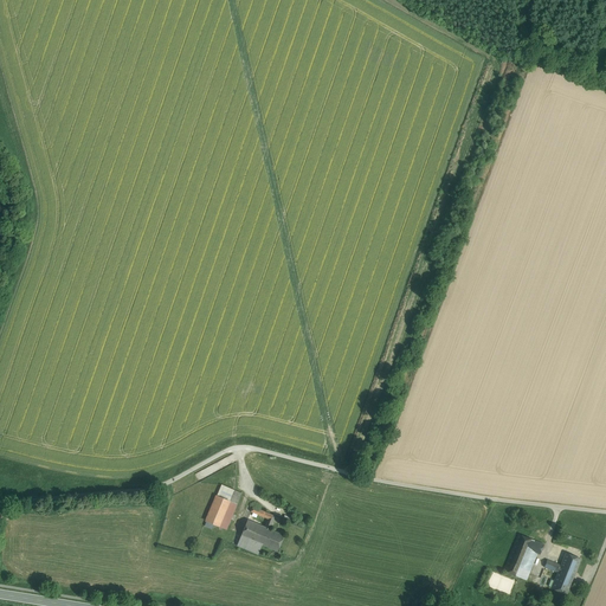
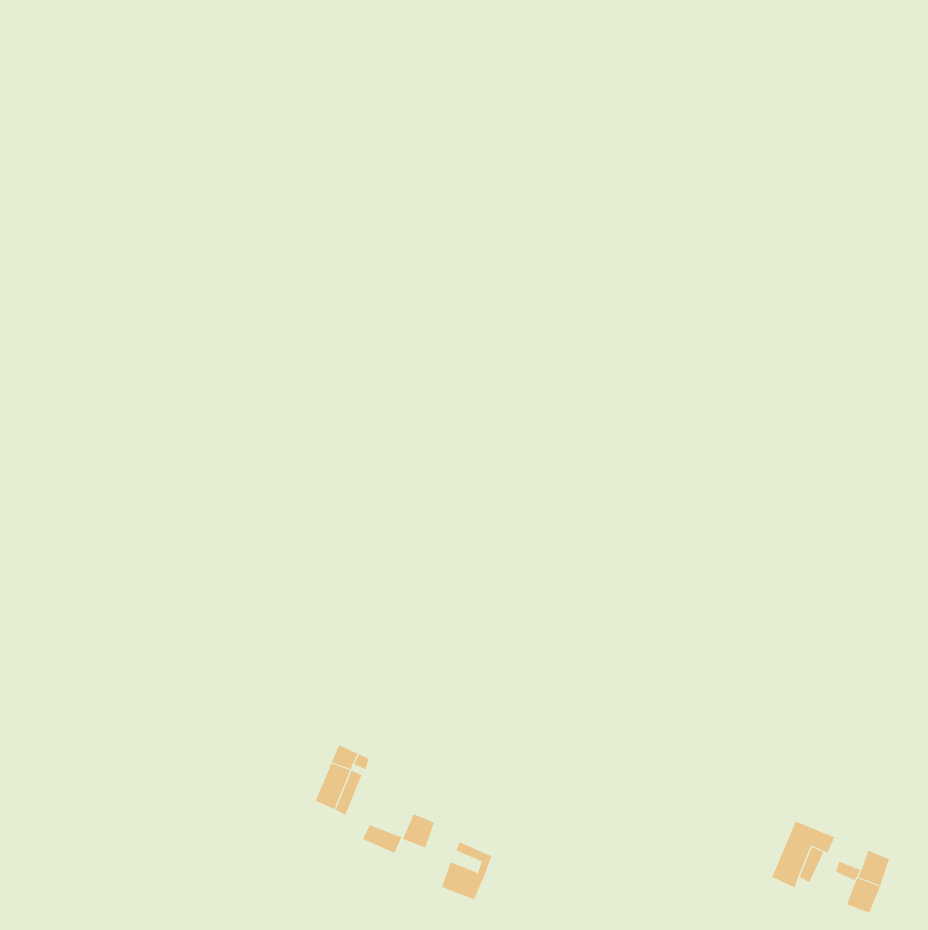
building: [240,507,273,546] -> [441,842,492,902]

